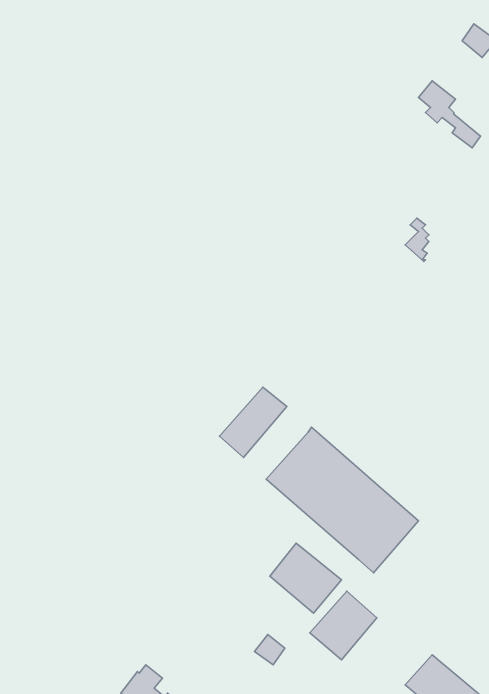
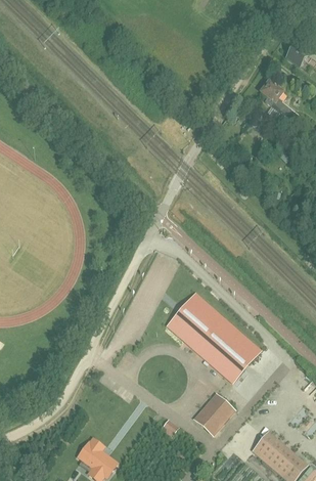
building: [220,387,287,457] -> none
building: [270,543,342,613] -> none

